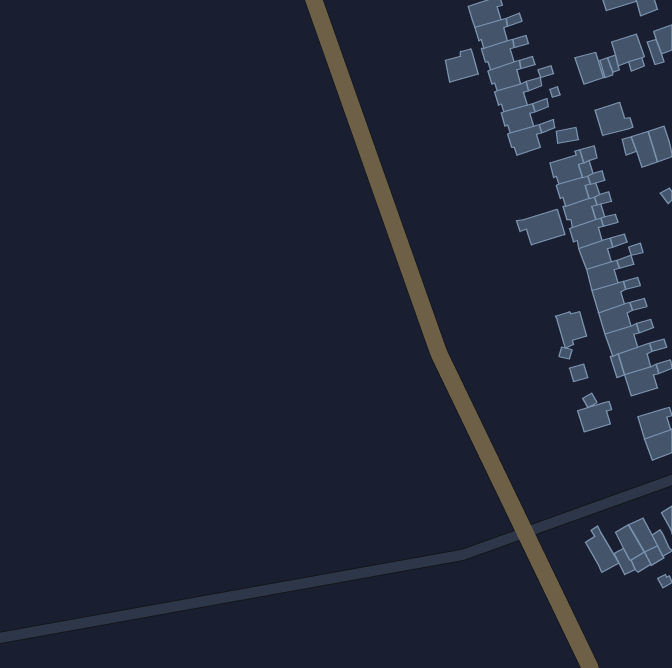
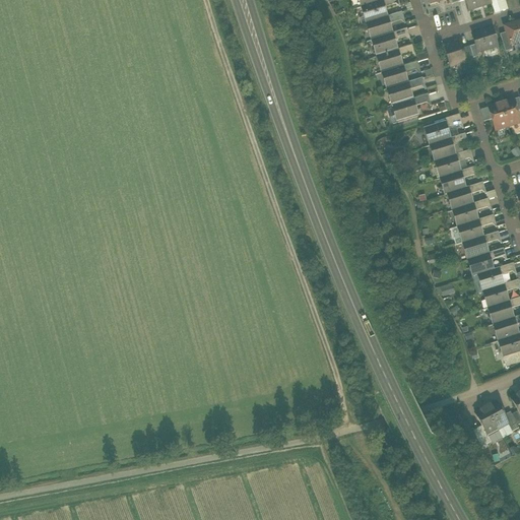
building: [445,49,478,82] -> none
building: [595,102,633,136] -> none
building: [517,209,565,245] -> none
building: [555,312,586,348] -> none
building: [578,402,612,432] -> [488,299,514,322]
building: [585,526,619,572] -> none

